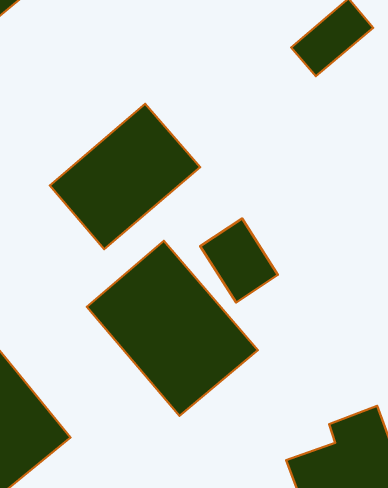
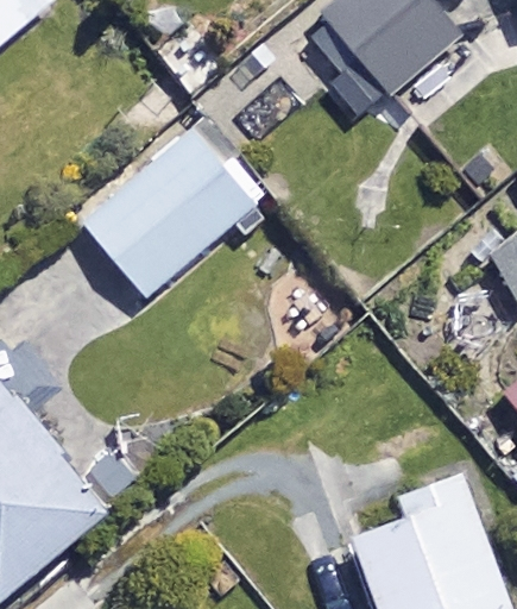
building: [87,241,258,416] -> none

